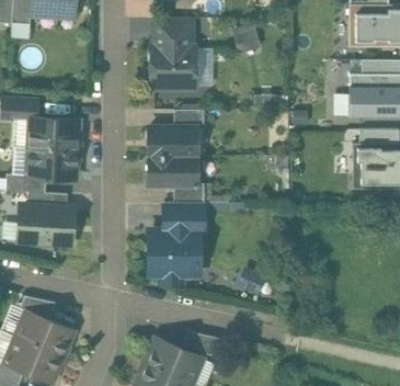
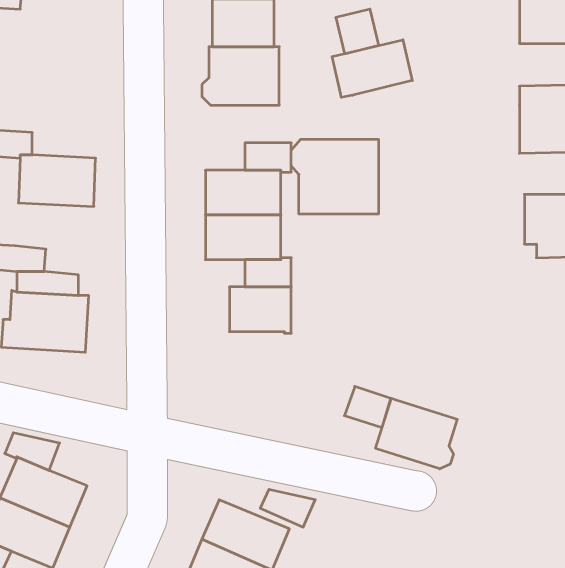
building: none -> [332,40,412,97]
building: none -> [291,139,378,214]
building: [27,148,78,179] -> none
building: [149,230,199,283] -> none
building: none -> [376,398,457,469]

